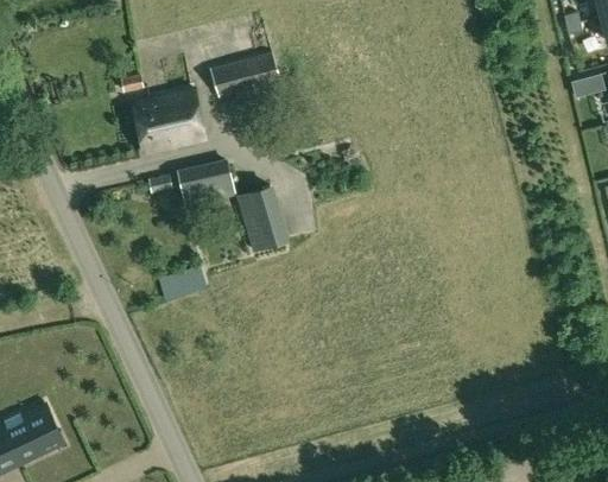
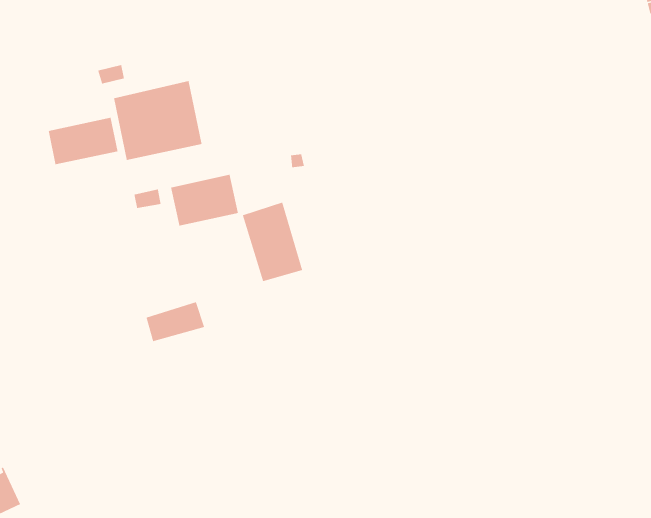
building: [211,53,280,99] -> none
building: none -> [48,117,118,165]

